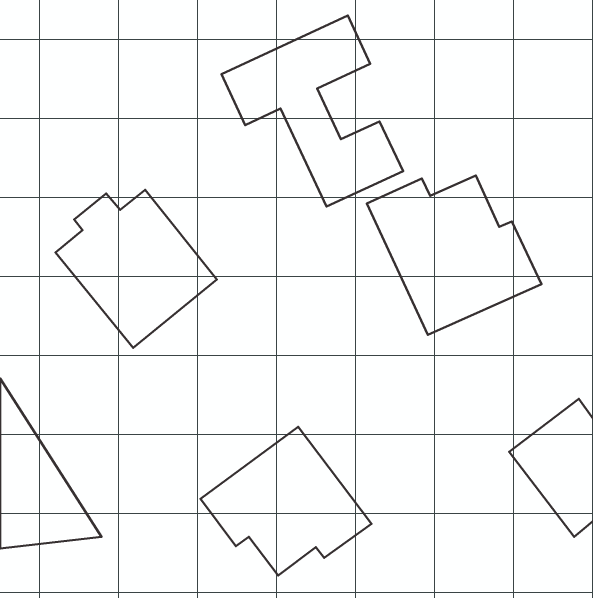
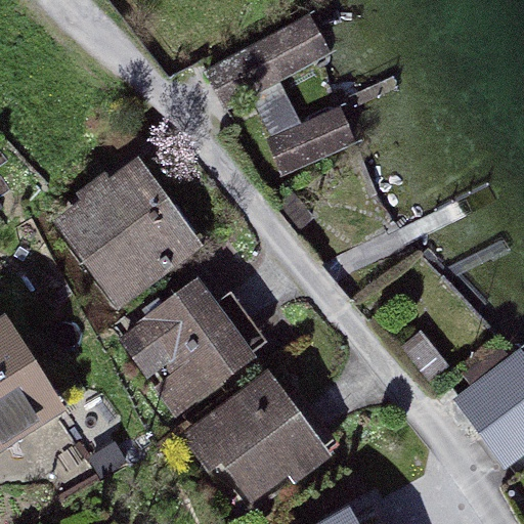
building: [367,176,542,335] -> none
building: none -> [116,279,257,421]

